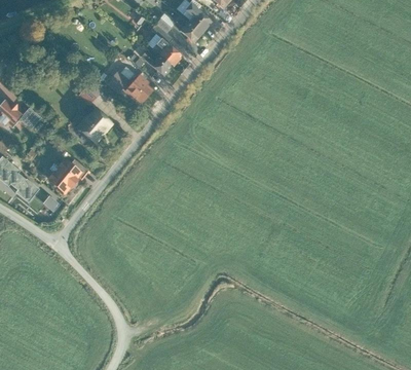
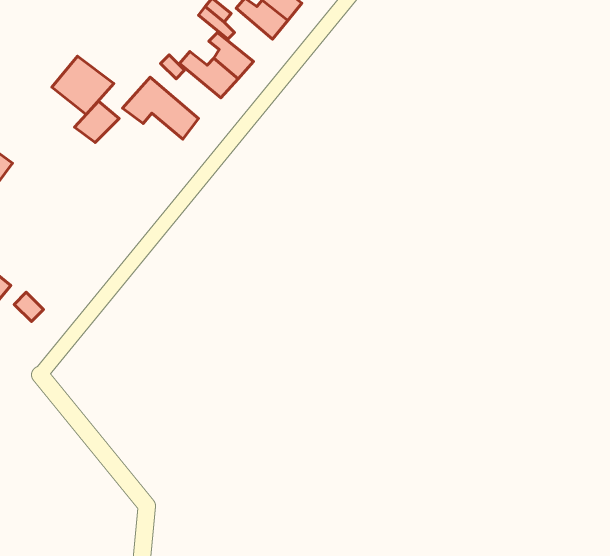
building: [75,108,112,143] -> [52,56,114,115]
building: [46,154,86,194] -> none

